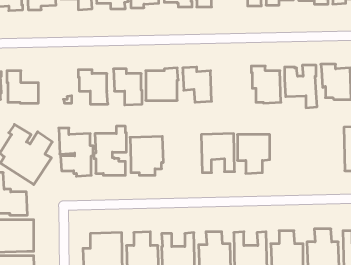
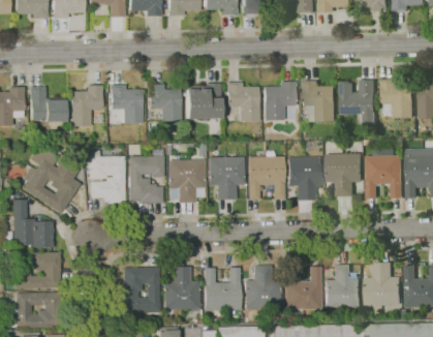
building: none -> [265,81,297,120]
building: none -> [69,85,103,126]
building: none -> [368,149,403,198]
building: none -> [328,153,364,196]
building: none -> [209,156,245,200]

